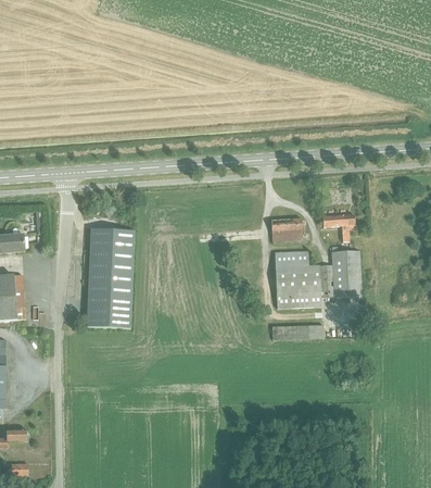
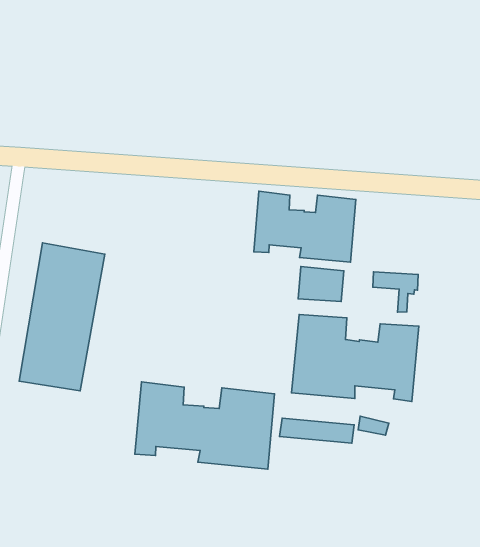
building: none -> [254,191,356,262]
building: none -> [135,382,275,469]

